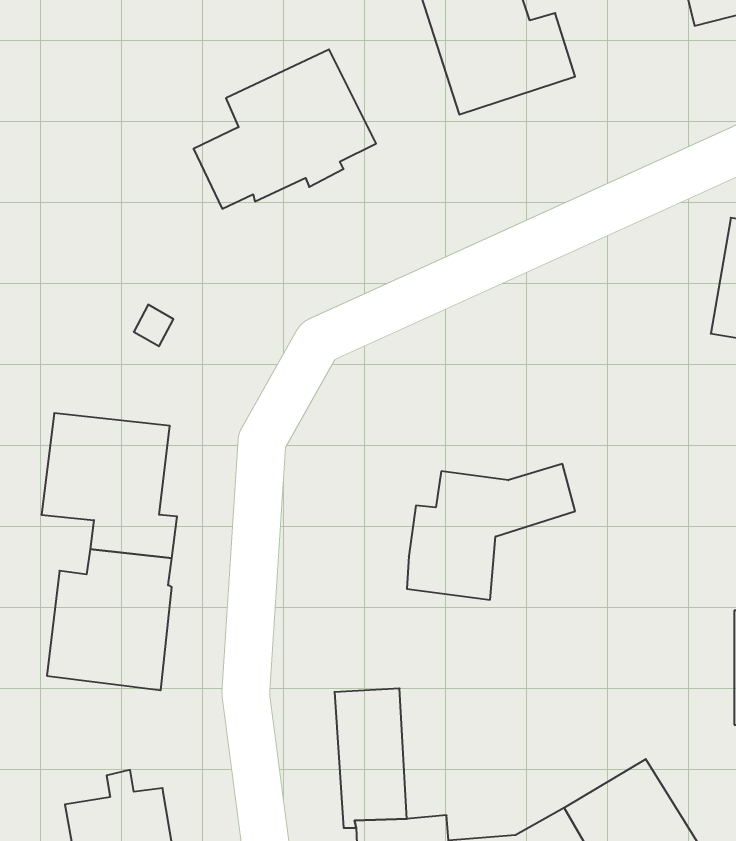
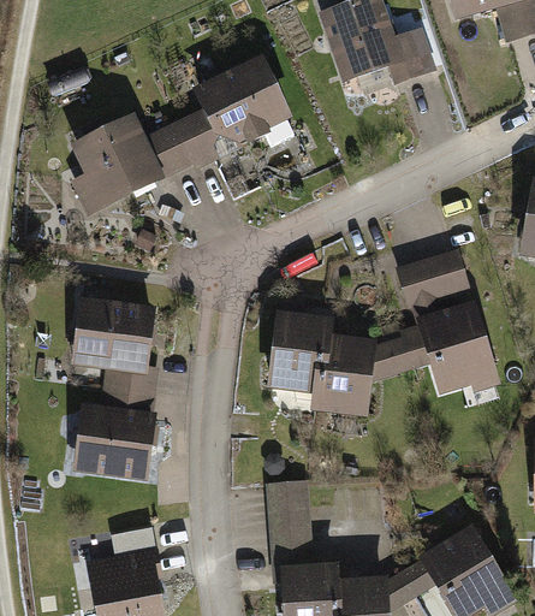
building: none -> [71,116,191,217]
building: none -> [398,249,499,410]
building: none -> [266,313,338,393]

